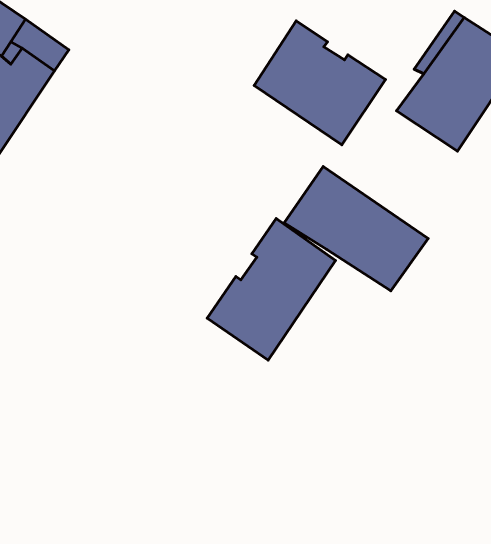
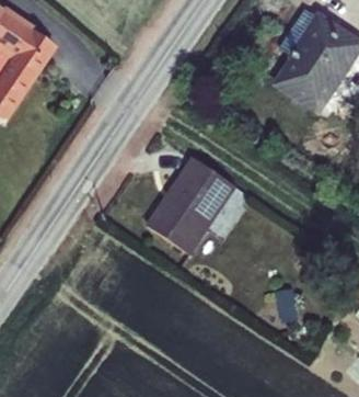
building: [254,21,385,145] -> none
building: [284,167,428,291] -> none

